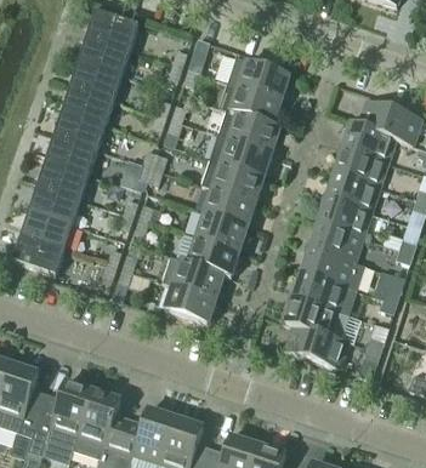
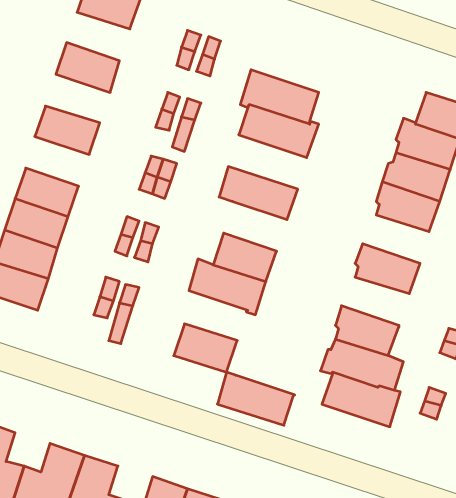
building: [79,35,130,74] -> none
building: [227,56,290,99] -> none
building: [62,85,114,124] -> none
building: [209,133,272,177] -> none
building: [46,135,97,175] -> none
building: [205,187,256,227] -> none
building: [317,198,370,236] -> none
building: [300,247,365,291] -> none
building: [163,256,225,298] -> [217,372,295,425]

